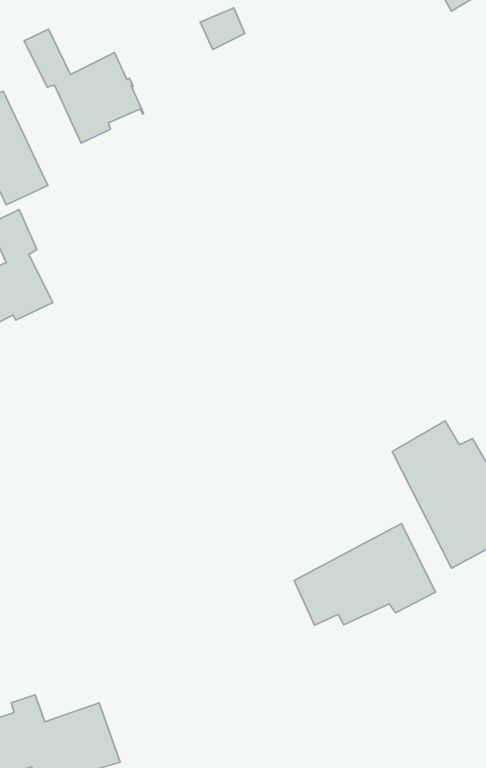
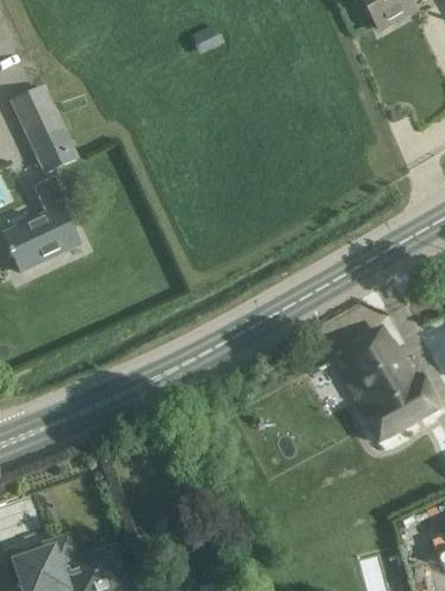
building: [24,29,144,143] -> none
building: [294,524,436,625] -> none

